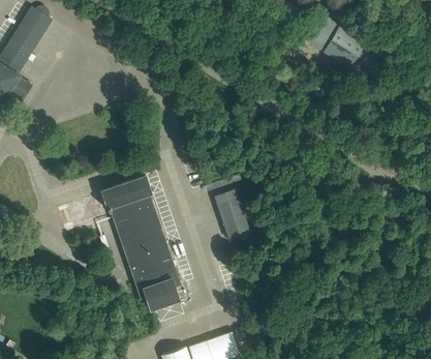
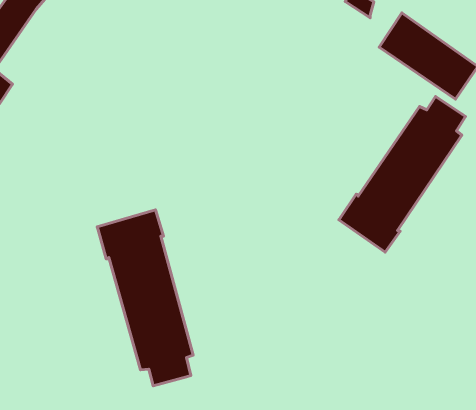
building: none -> [339,96,466,252]
building: [215,190,250,241] -> none

